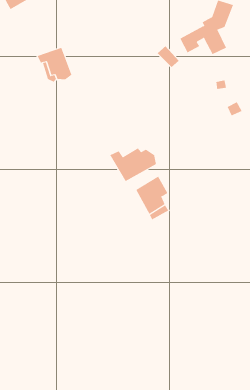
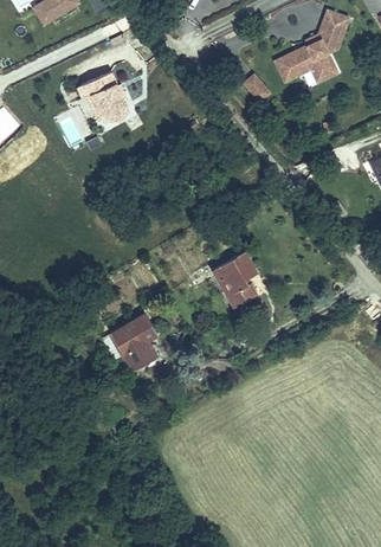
building: [110,147,157,182] -> none
building: none -> [114,315,155,365]

